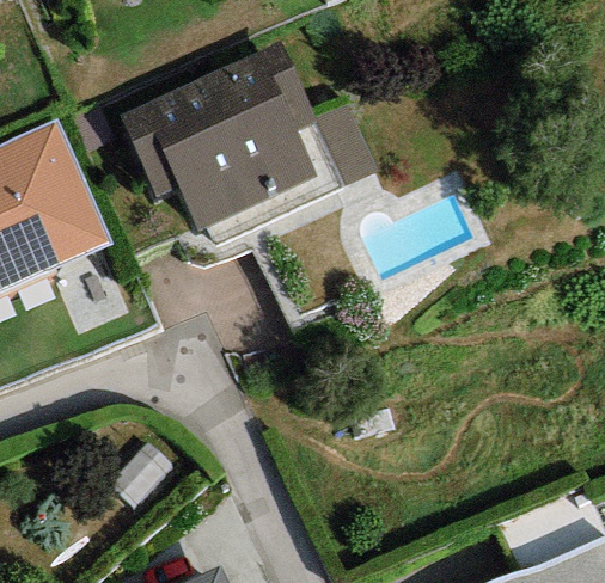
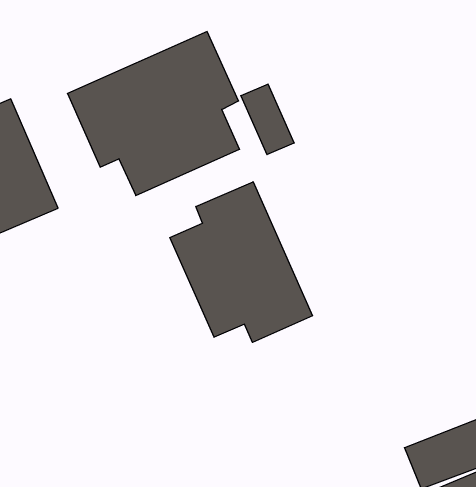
building: none -> [170,182,312,342]

